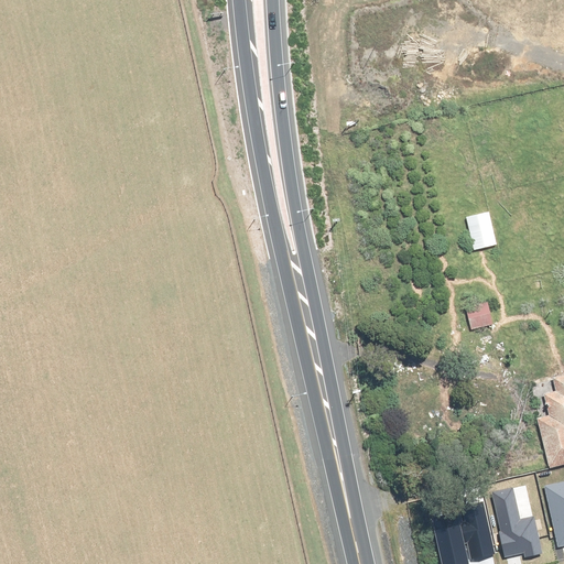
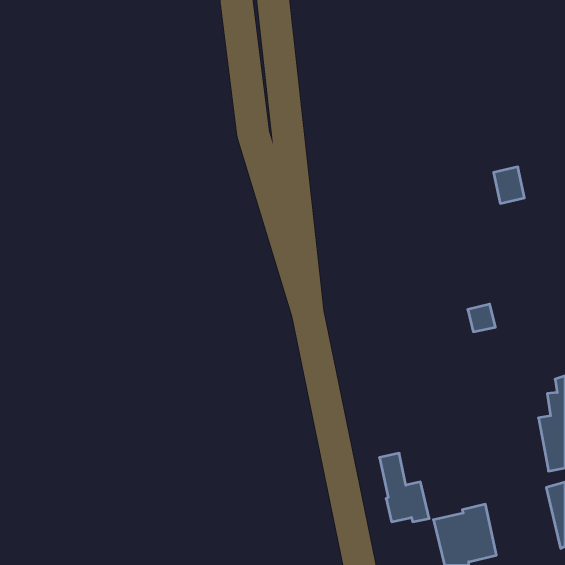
building: [466,214,497,250] -> [494,167,524,203]
building: [492,488,542,556] -> [379,453,429,522]

